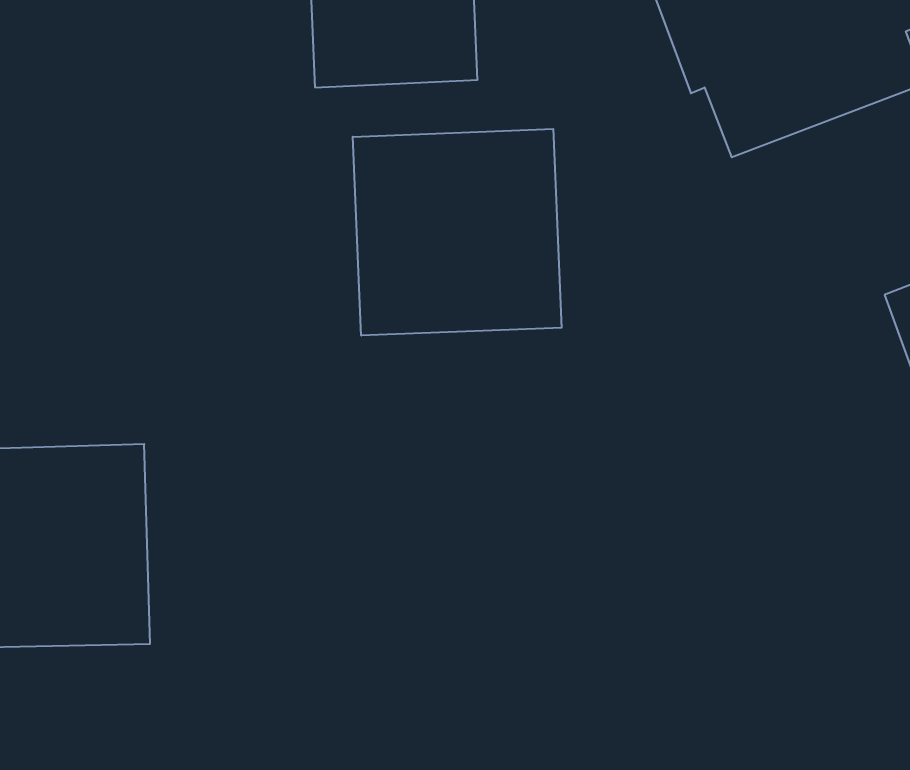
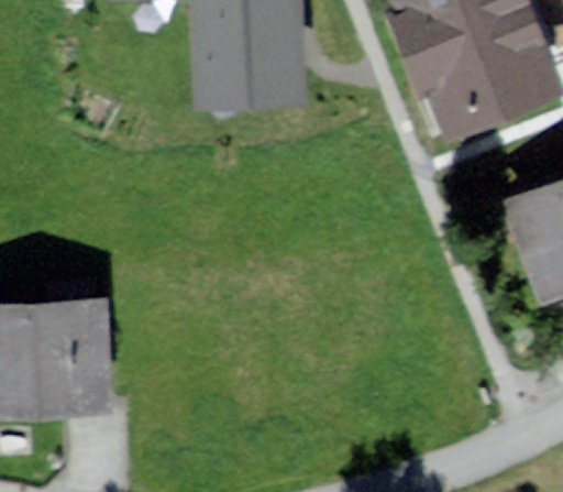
building: [353,129,562,336] -> none

